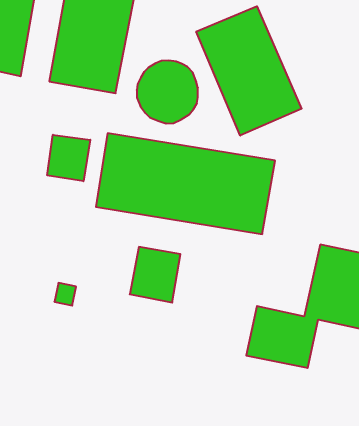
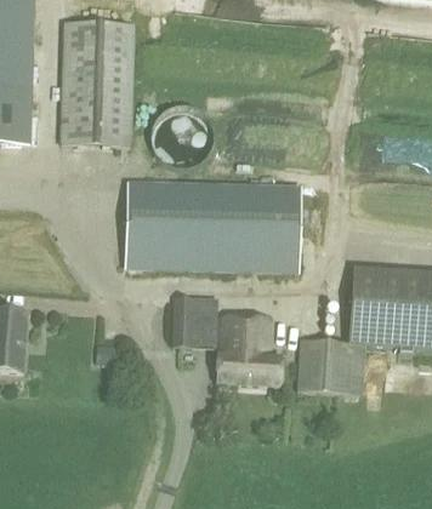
building: [196,6,302,136] -> none
building: [47,135,90,181] -> none
building: none -> [217,314,282,385]

